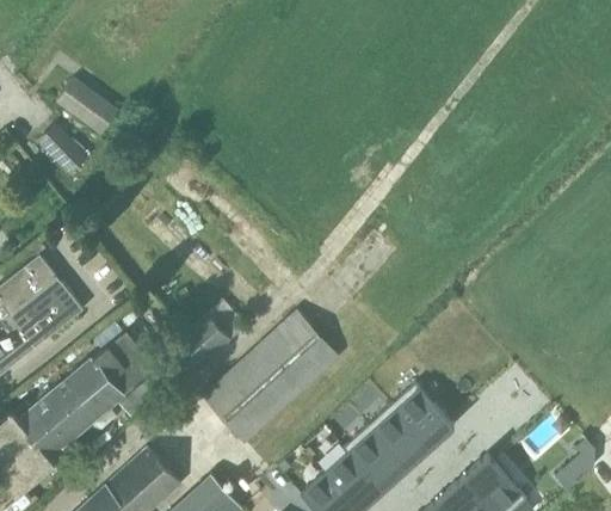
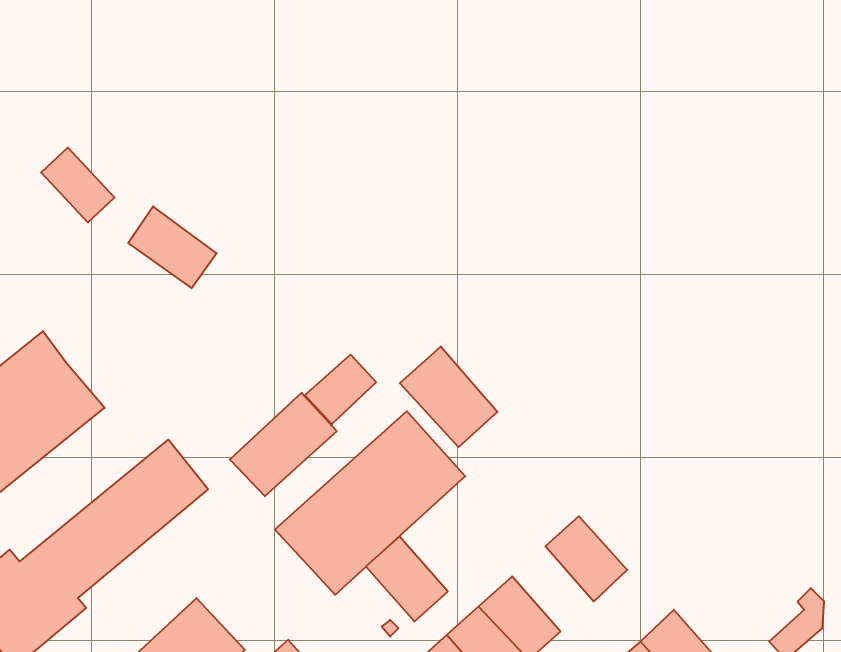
building: [56,75,119,134] -> [128,206,217,288]
building: none -> [400,346,497,447]
building: none -> [305,355,376,424]
building: [372,407,431,468] -> [366,537,448,622]

